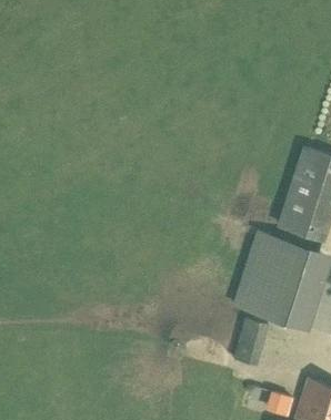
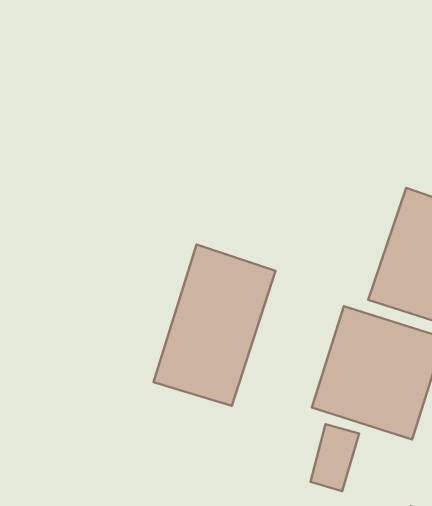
building: none -> [153,245,275,406]

